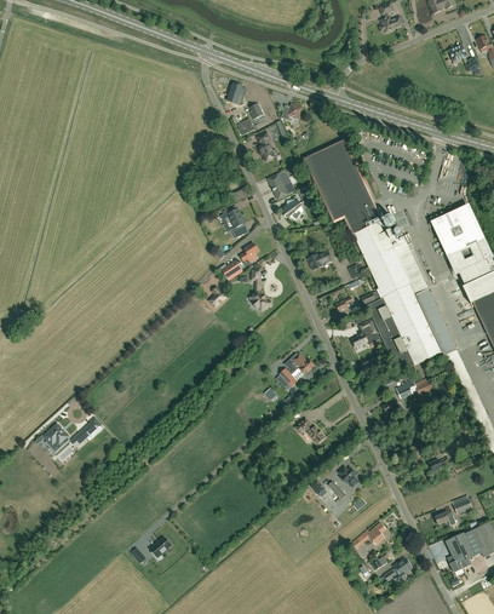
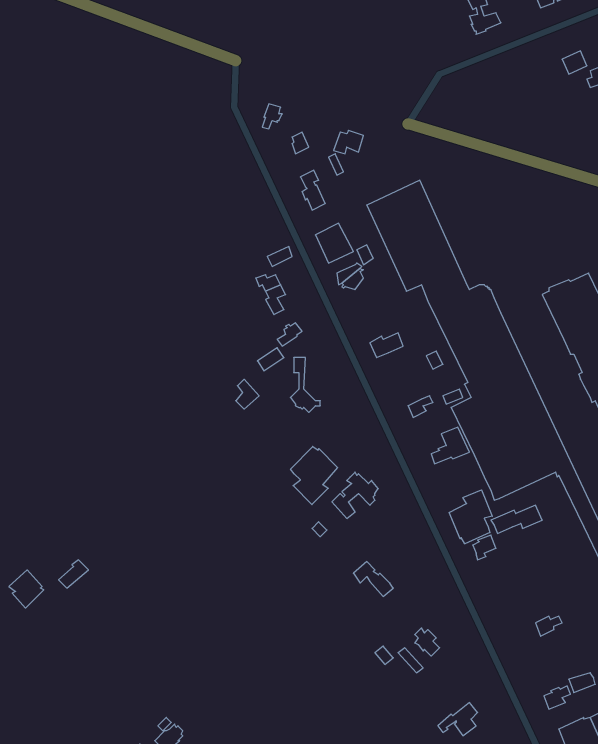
building: none -> [291,446,338,505]
building: none -> [449,490,492,544]

